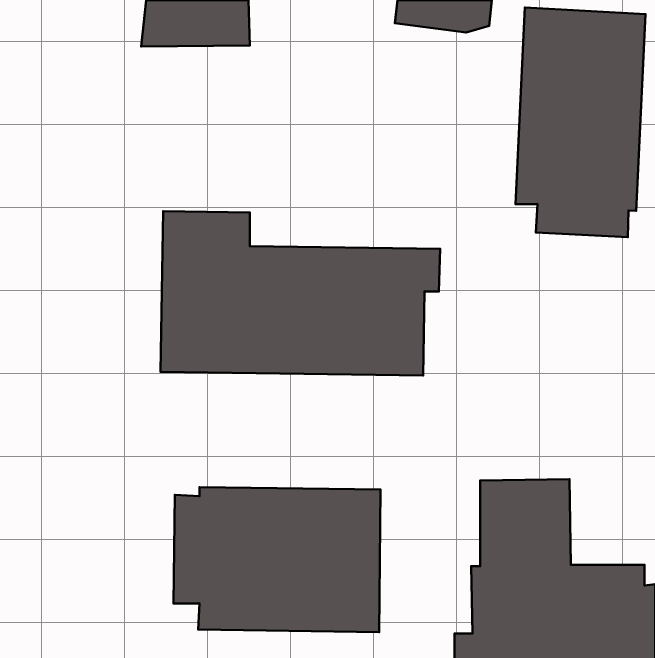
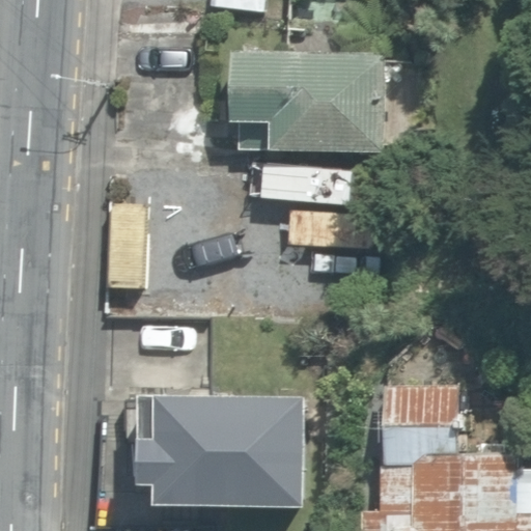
building: [515,7,646,237] -> none
building: none -> [227,50,381,157]

